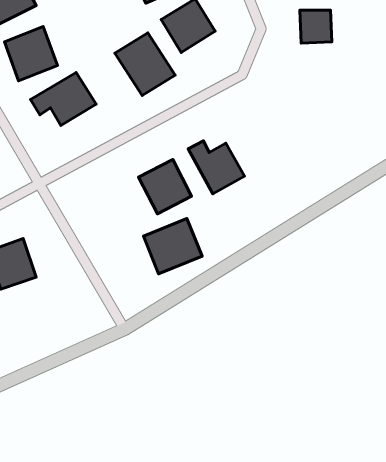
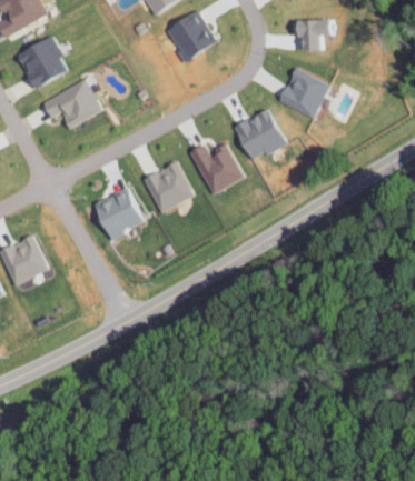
building: [115,33,175,95] -> none
building: none -> [279,68,330,117]
building: none -> [233,107,290,159]
building: [143,219,202,274] -> [91,187,147,239]

